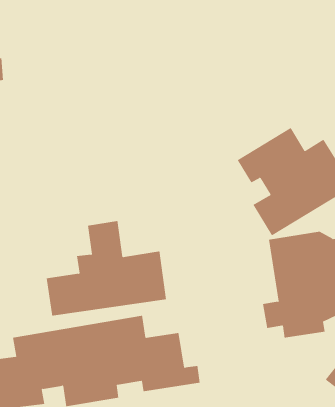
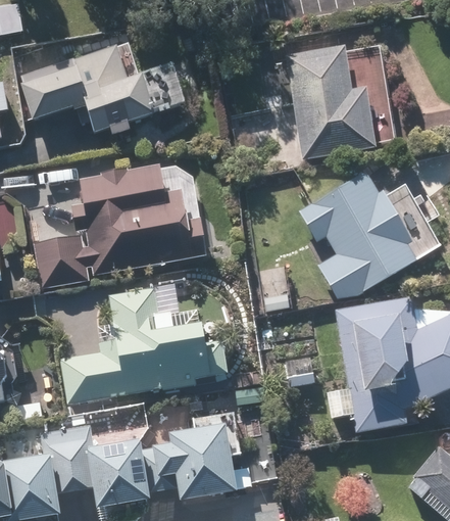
building: none -> [17,36,186,135]
building: none -> [283,47,372,156]
building: none -> [34,167,206,289]

